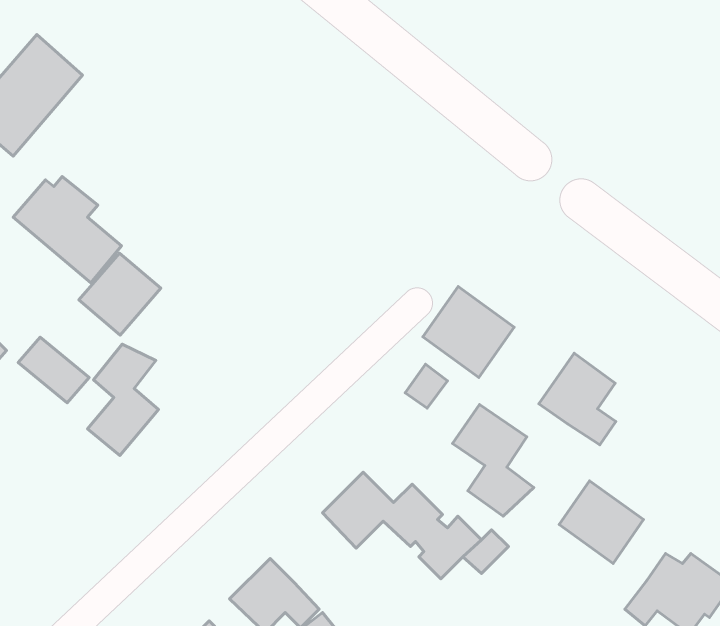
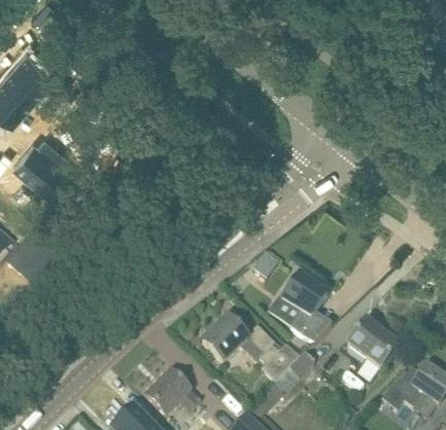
building: [79,253,161,335] -> none
building: [423,287,514,377] -> none
building: [88,344,158,455] -> none
building: [539,353,616,445] -> none

